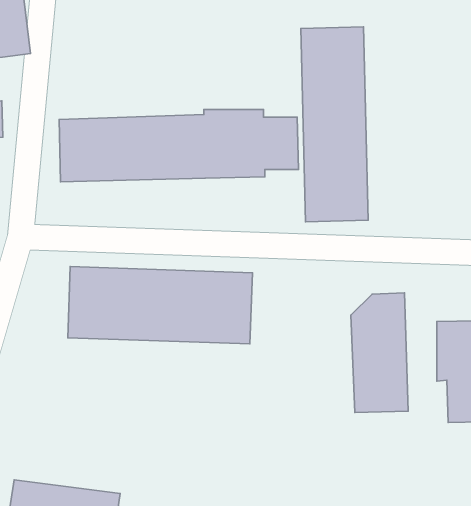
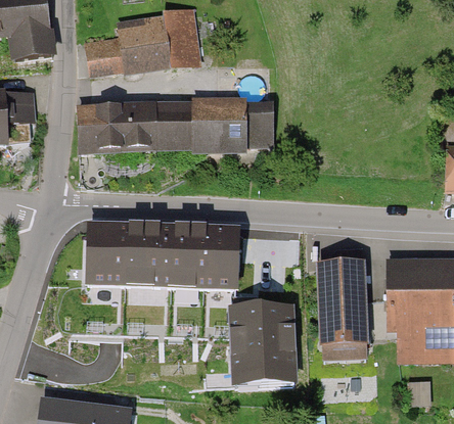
building: none -> [86,11,200,74]
building: [301,27,368,222] -> none
building: none -> [230,297,292,383]

